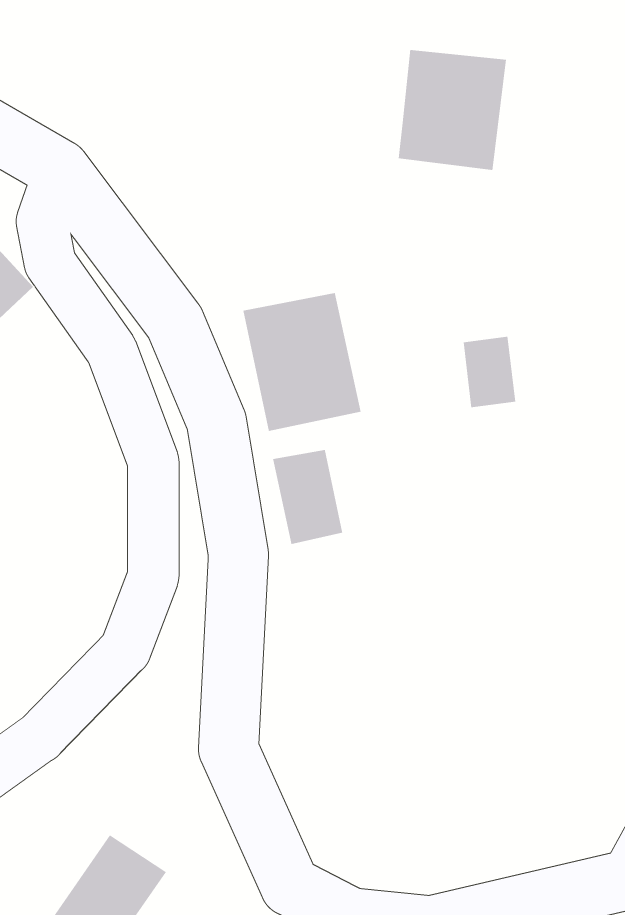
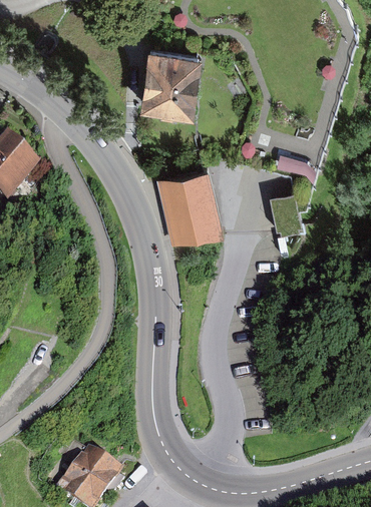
building: [398,49,507,170] -> [140,57,196,118]
building: [273,449,343,545] -> none

